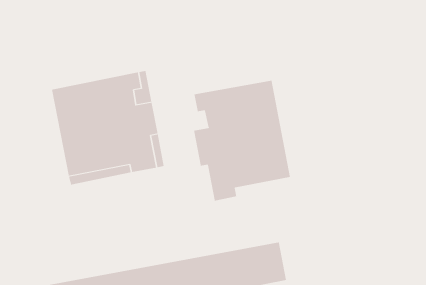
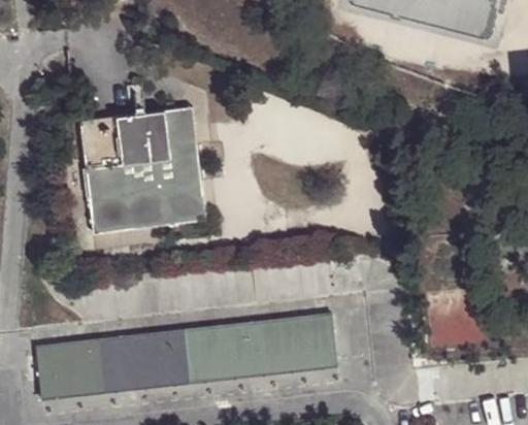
building: [193,80,291,201] -> none

